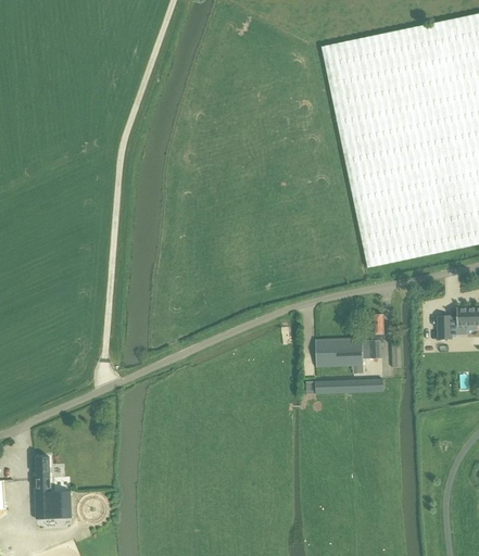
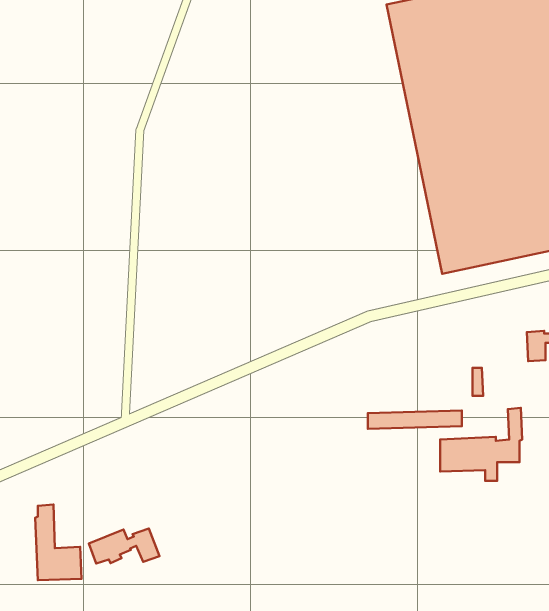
building: [316,314,383,374] -> [440,408,522,481]
building: none -> [89,528,159,564]

